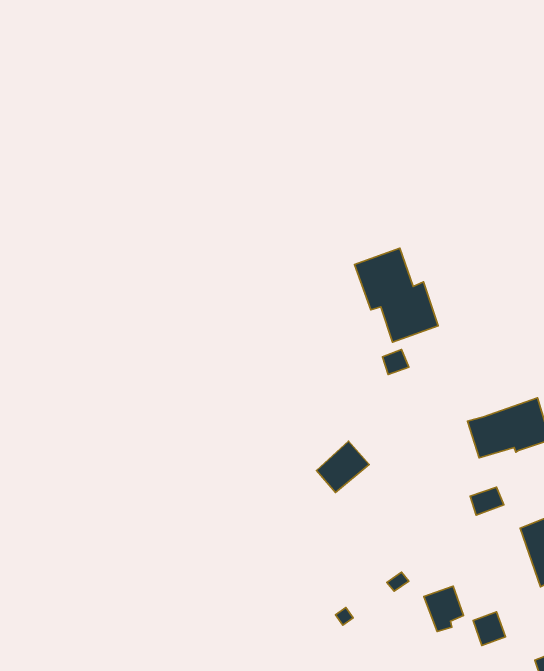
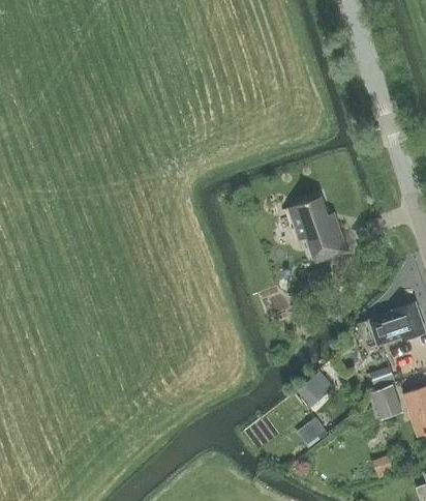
building: [316,441,369,492] -> [297,371,334,407]
building: [424,586,464,632] -> [372,386,400,418]

